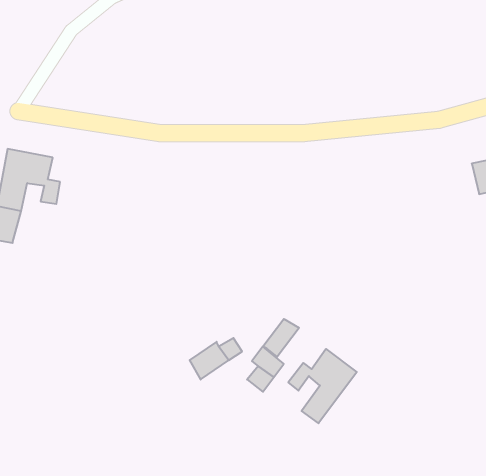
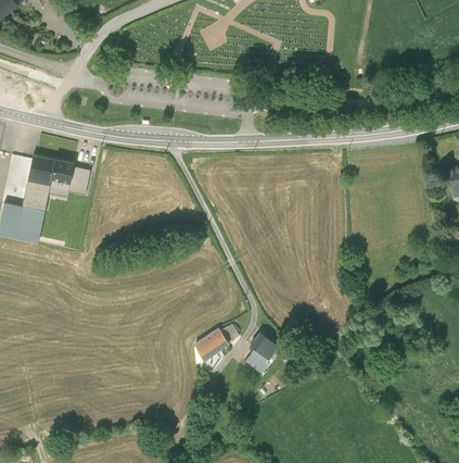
building: [263,319,299,357] -> none
building: [288,349,357,423] -> none

